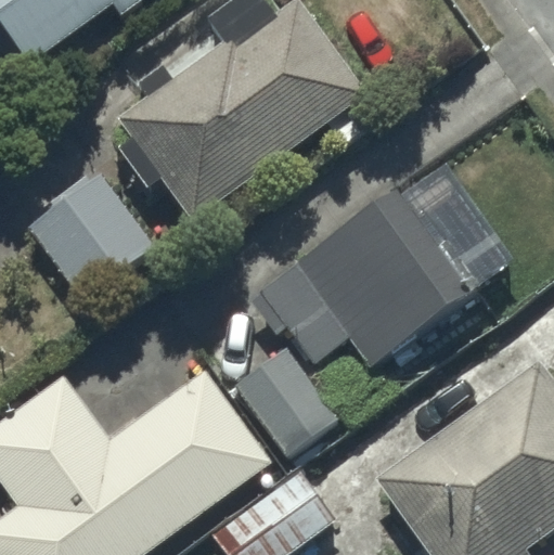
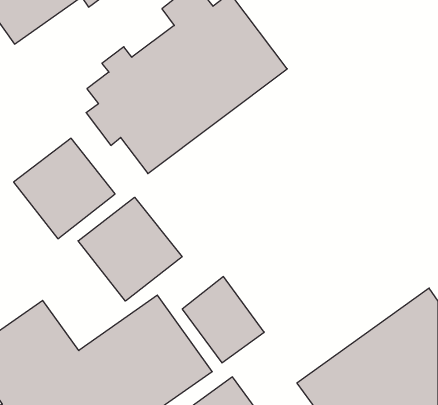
building: [261,188,485,366] -> none
building: none -> [78,197,182,301]

